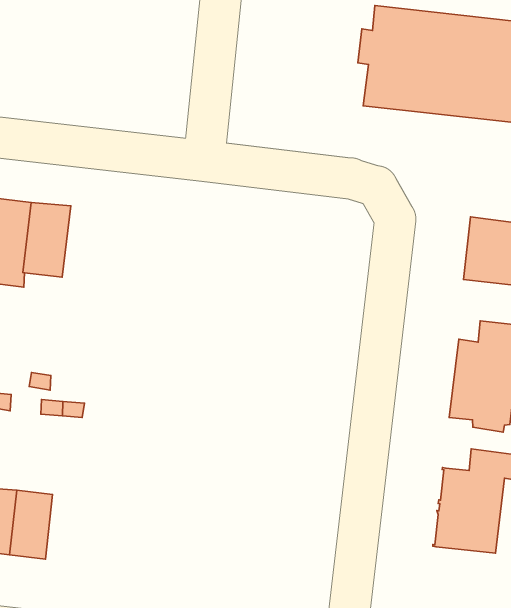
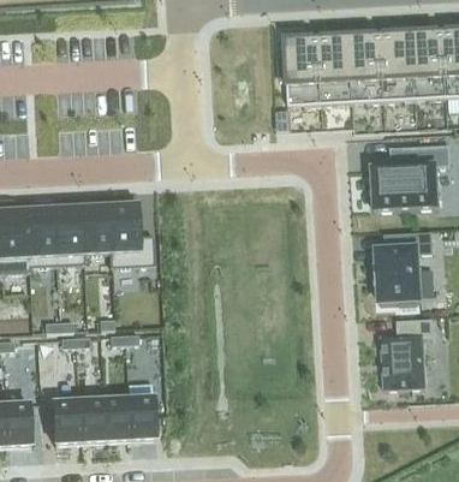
building: none -> [107,202,155,266]
building: none -> [127,394,155,439]

